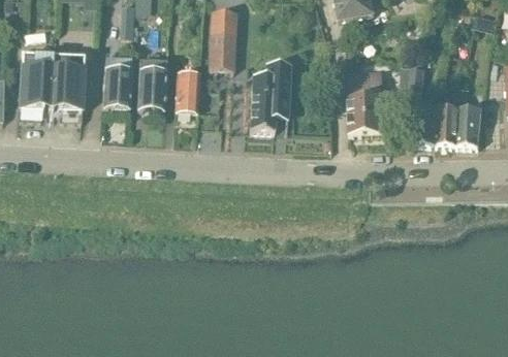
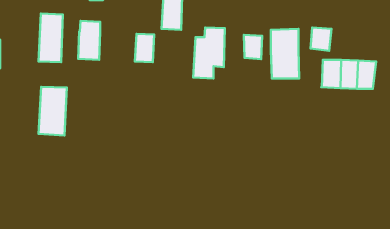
building: [20,46,56,108] -> [39,87,67,135]
building: [138,50,167,108] -> none
building: none -> [244,35,262,59]

